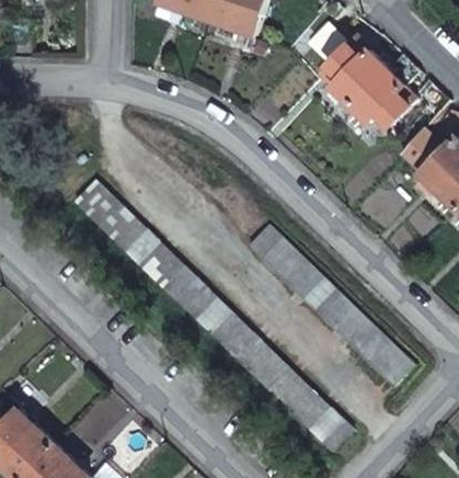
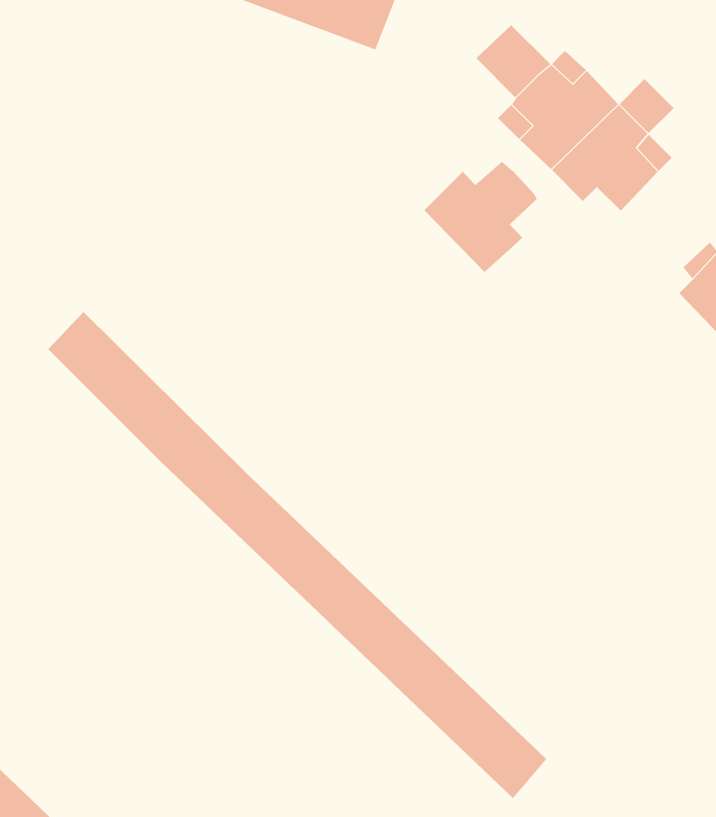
building: none -> [423,161,537,273]
building: [251,225,412,384] -> none

